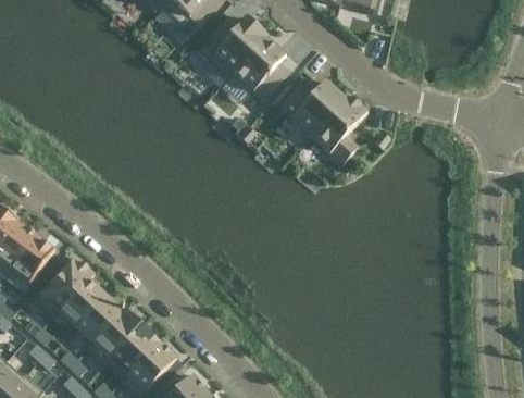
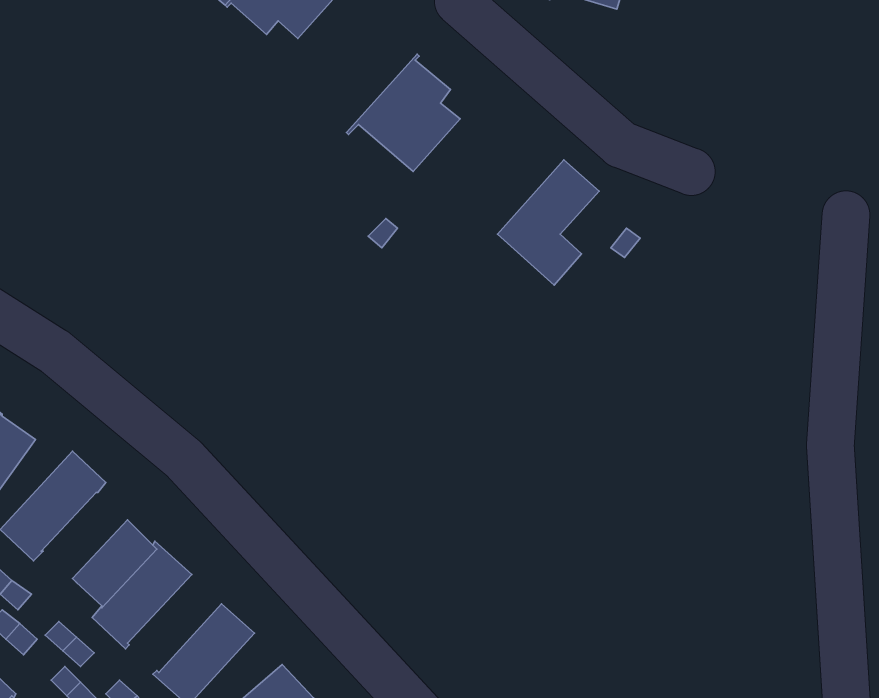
building: [196,16,265,79] -> none
building: [278,80,347,136] -> none
building: [57,279,104,327] -> none
building: [104,325,157,380] -> none

